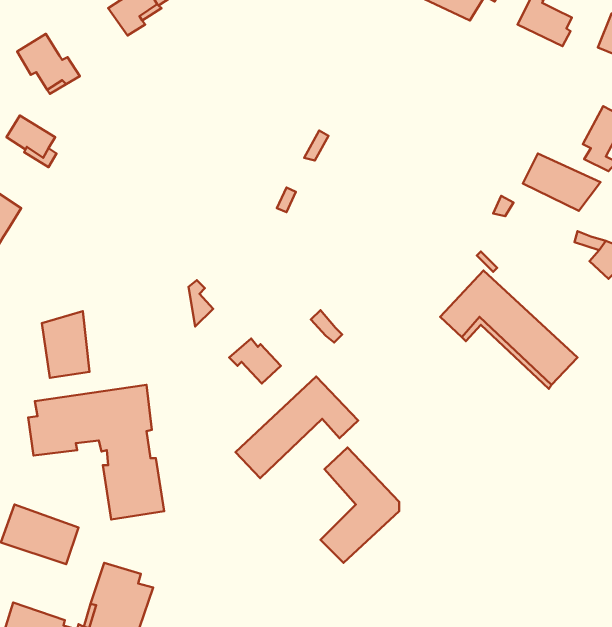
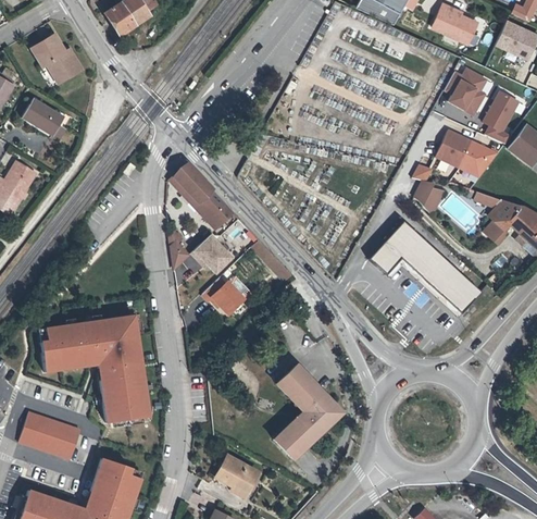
building: none -> [445,67,487,114]
building: none -> [171,162,235,233]
building: none -> [414,184,441,214]
building: none -> [190,232,235,275]
building: [42,311,89,378] -> none
building: [235,376,358,478] -> none
building: none -> [214,455,258,497]

